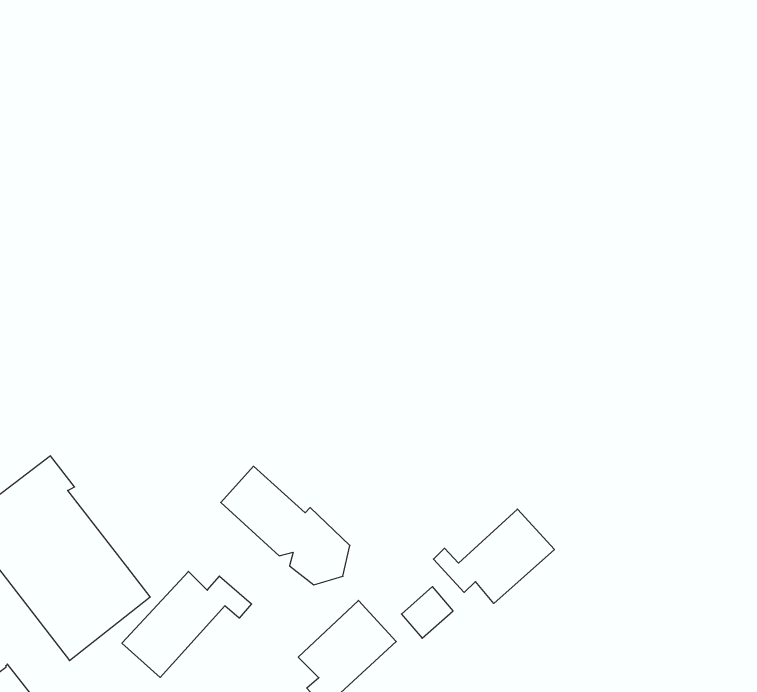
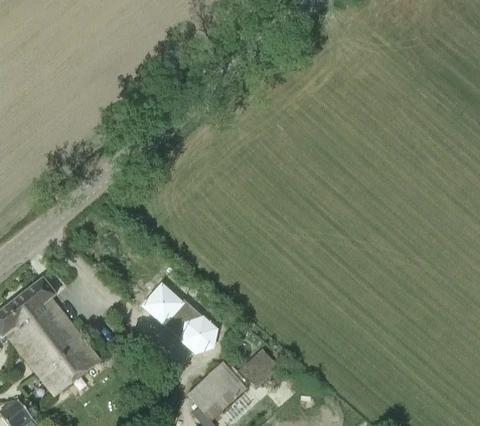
building: [433,509,554,603] -> none
building: [122,571,252,677] -> none

